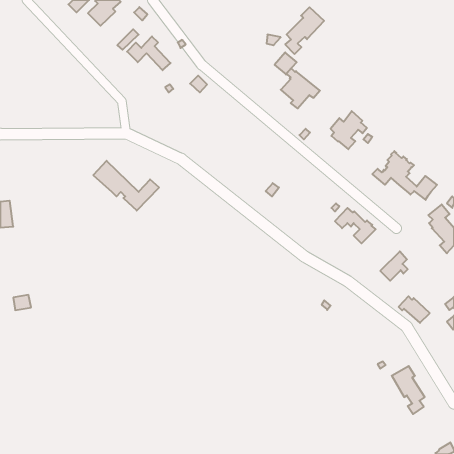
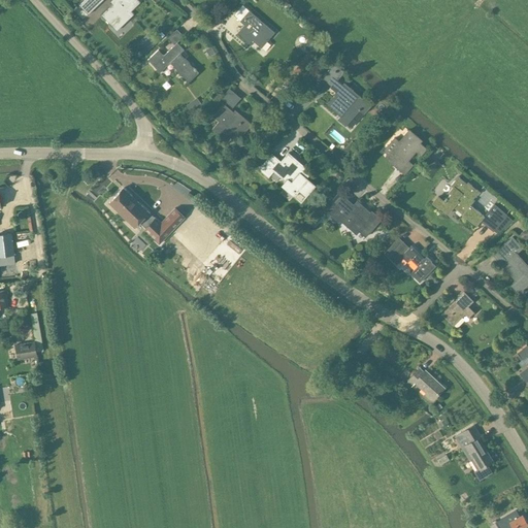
building: [285,7,324,54] -> none
building: none -> [237,10,274,47]
building: none -> [211,103,252,141]
building: none -> [263,155,311,196]
building: none -> [324,192,382,237]
building: [399,296,430,323] -> [408,368,444,399]

